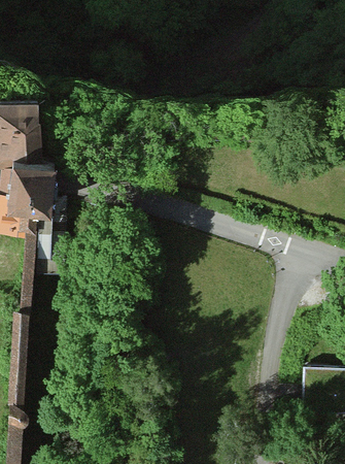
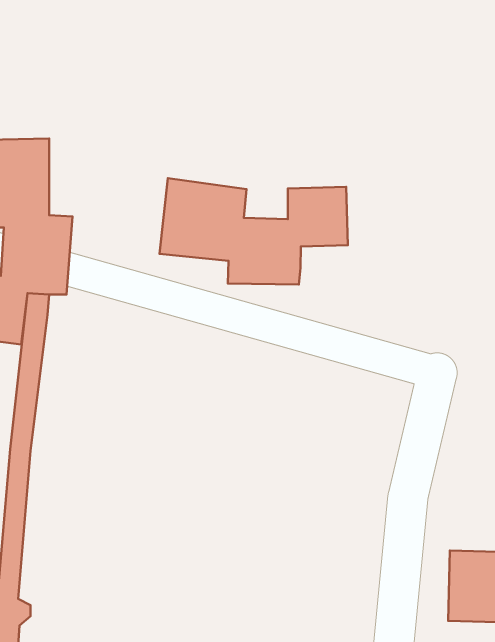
building: none -> [159,178,348,285]

